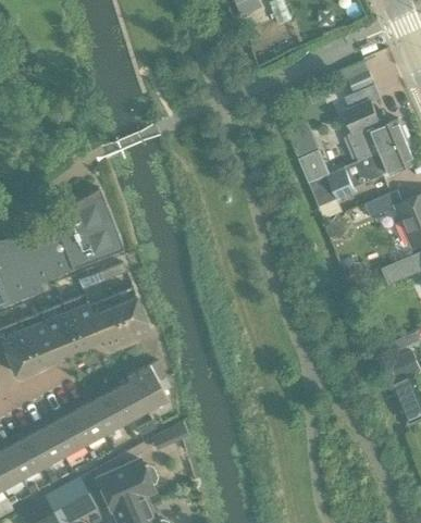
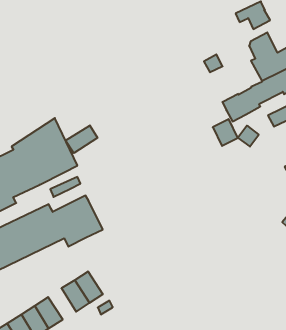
building: [299,151,330,184] -> [213,119,238,146]
building: none -> [66,125,97,153]
building: [125,362,166,412] -> none
building: [75,401,109,440] -> none

